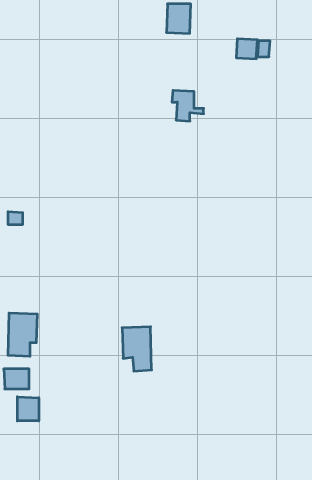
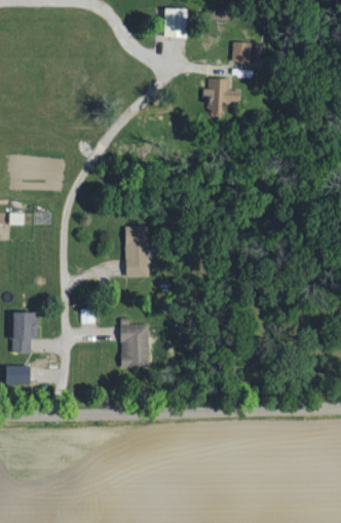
building: [172,90,204,121] -> [207,79,238,109]
building: none -> [125,225,148,275]
building: [17,397,39,421] -> none

